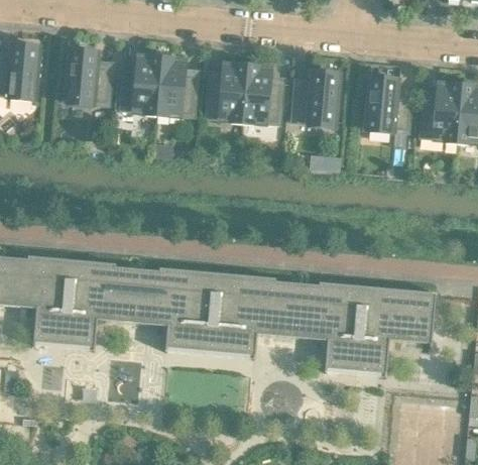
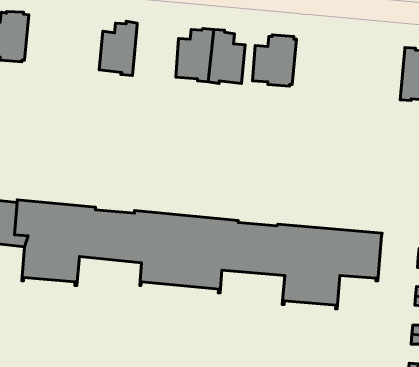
building: [65,48,112,105] -> none
building: [157,56,198,116] -> none
building: [364,75,412,132] -> none
building: [420,82,462,142] -> none

